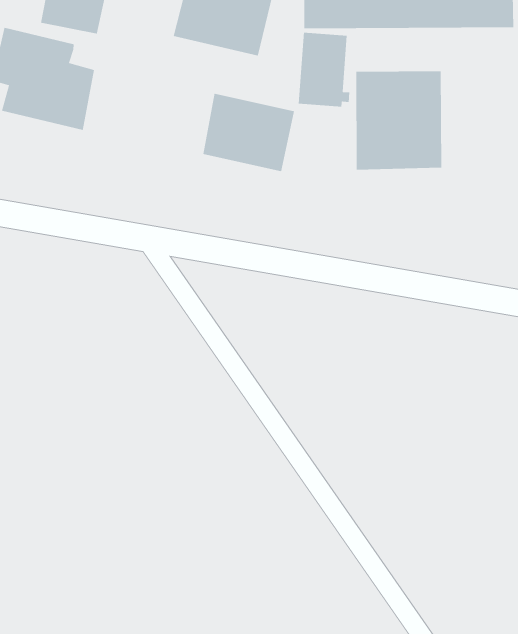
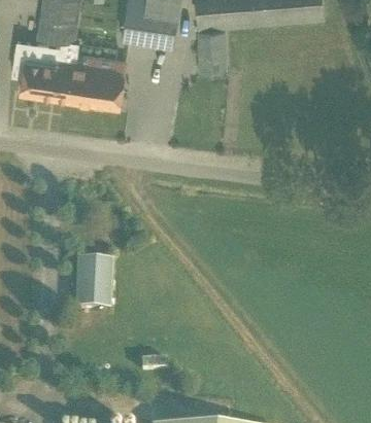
building: [356,70,442,171] -> none
building: [203,93,295,172] -> [69,62,123,106]
building: none -> [75,260,111,312]

